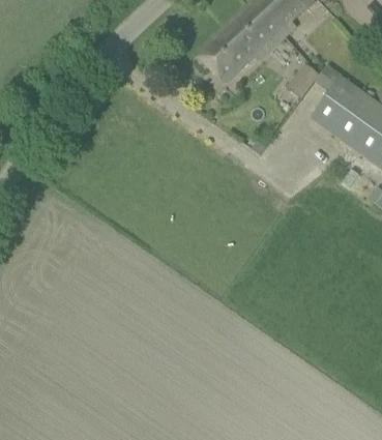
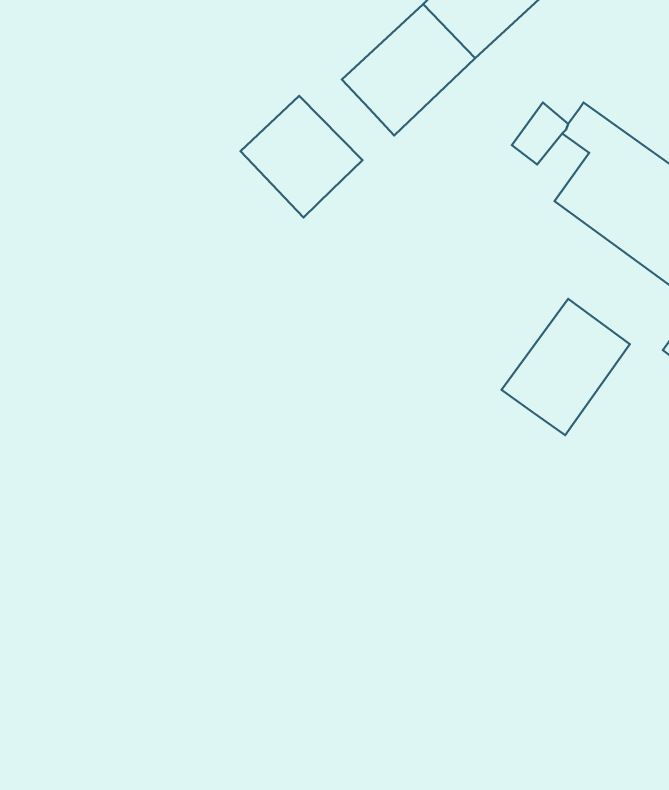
building: none -> [240,96,362,217]
building: none -> [502,299,630,435]

